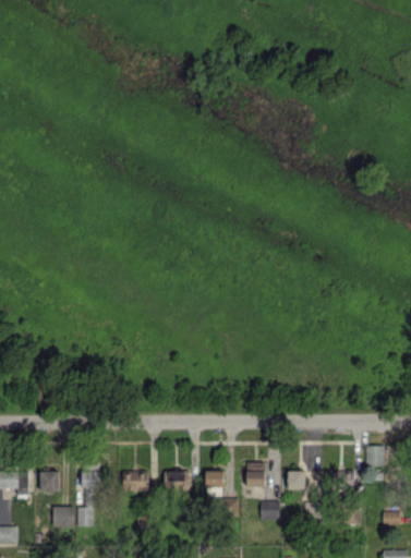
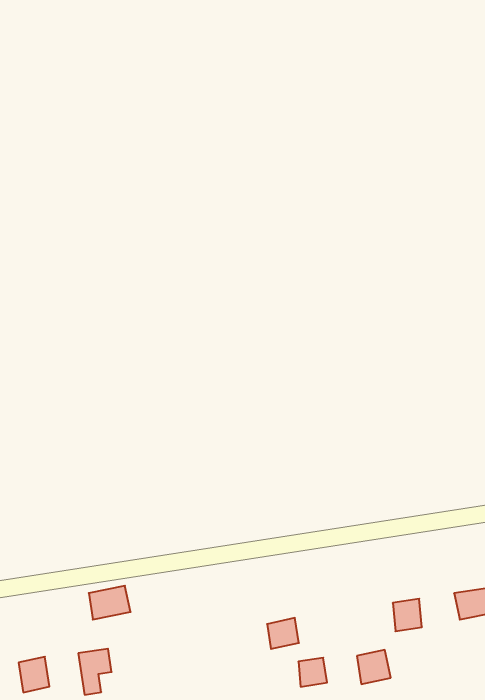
building: [246,462,265,487] -> none
building: [165,472,190,492] -> none
building: [124,473,149,492] -> [89,586,131,620]

